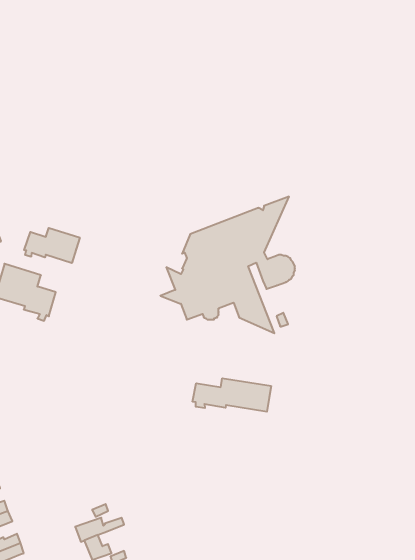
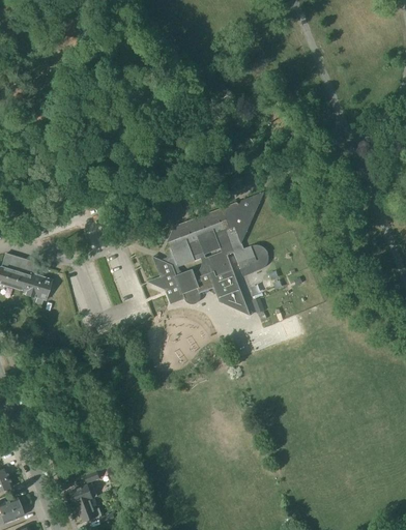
building: [24,228,80,263] -> none
building: [193,378,271,412] -> none

